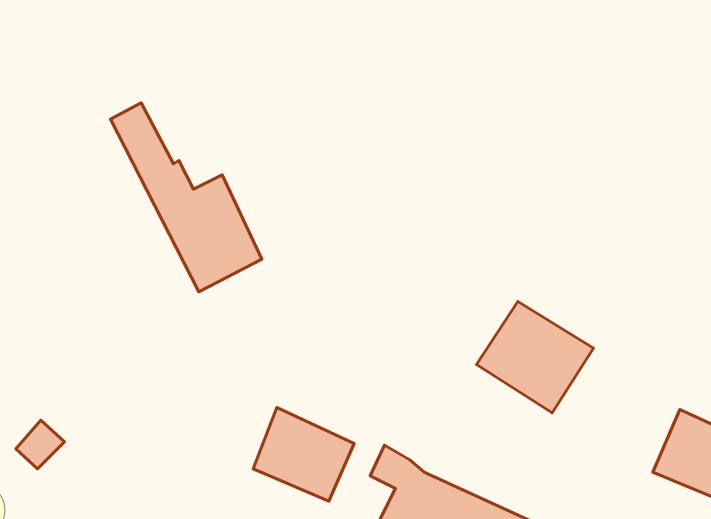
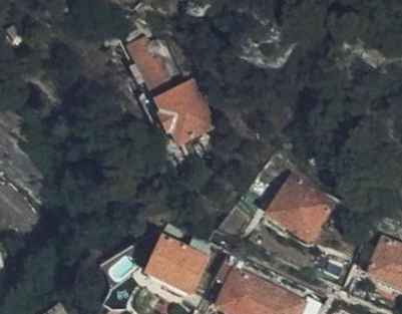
building: [111,103,262,292] -> [131,36,216,141]

